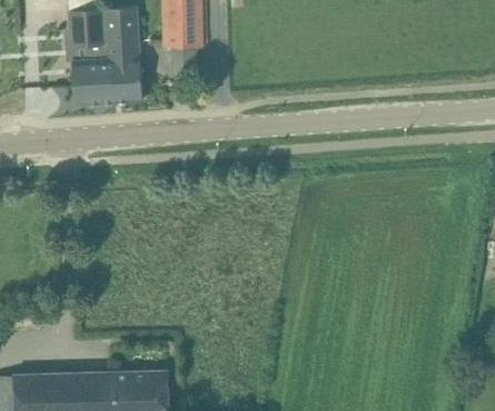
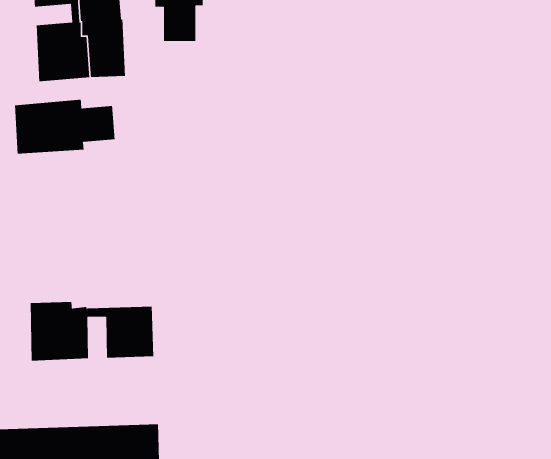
building: none -> [14,99,116,154]
building: none -> [30,301,154,362]

